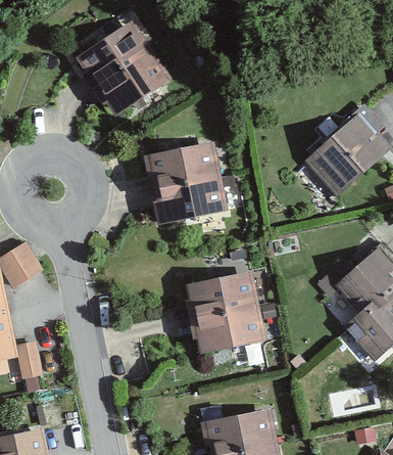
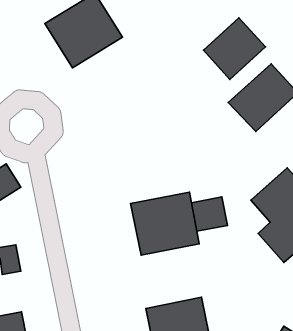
building: none -> [204,18,266,80]
building: [142,141,232,230] -> none
building: none -> [191,197,227,231]

